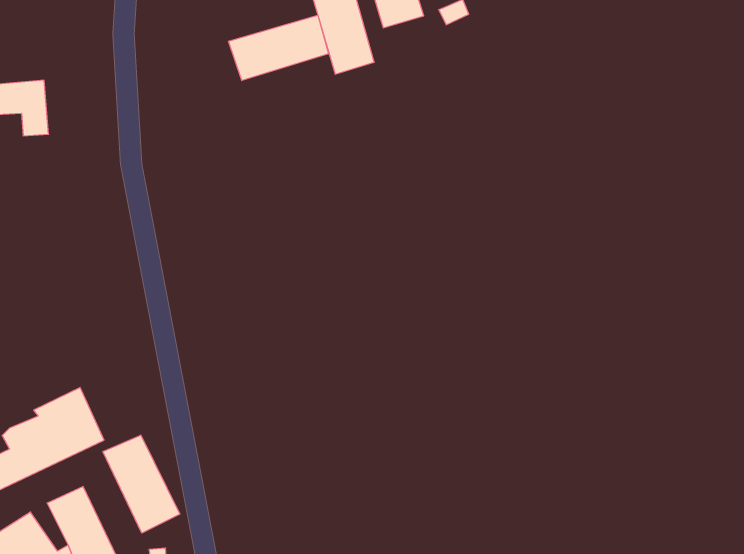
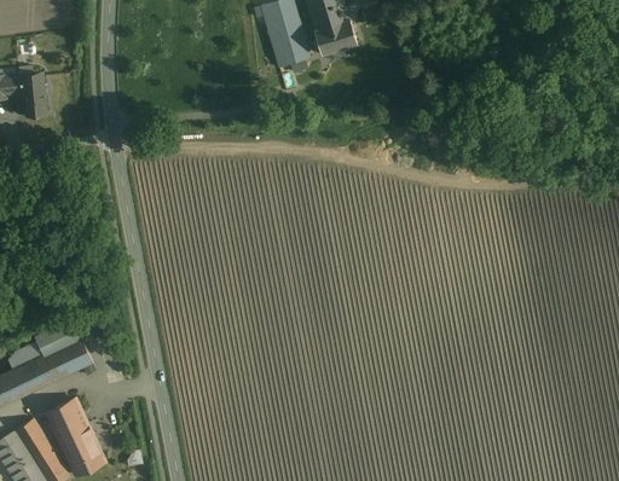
building: [229,15,329,81] -> none
building: none -> [314,19,357,54]
building: [103,435,180,533] -> none

